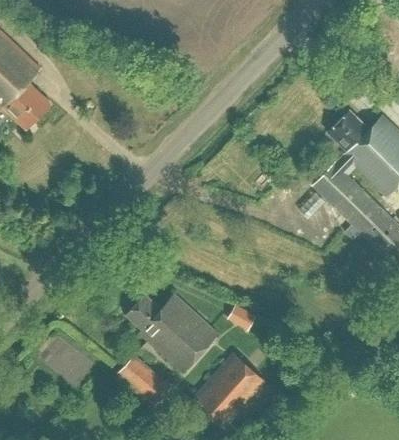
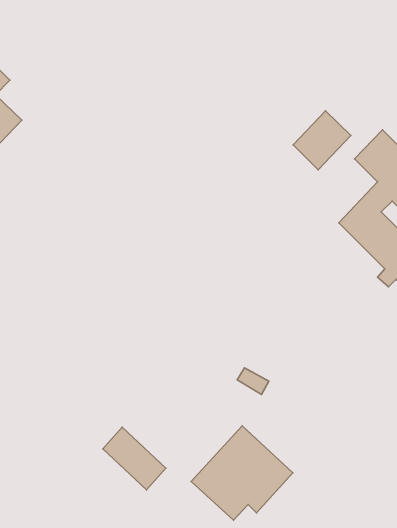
building: none -> [293,111,351,170]
building: [125,295,218,376] -> none

